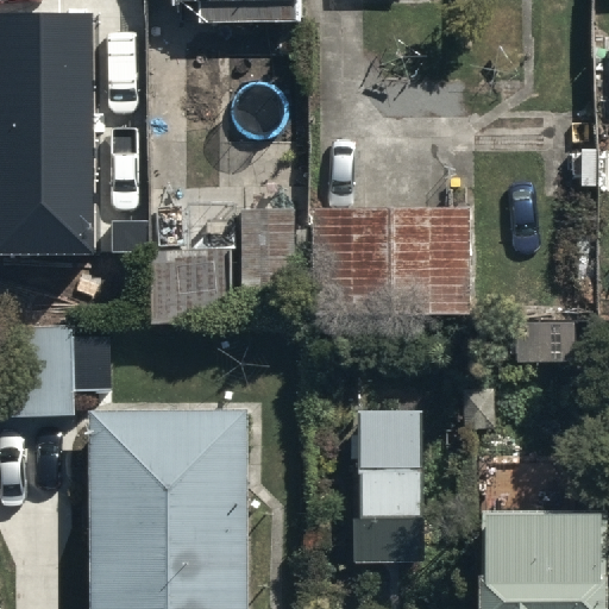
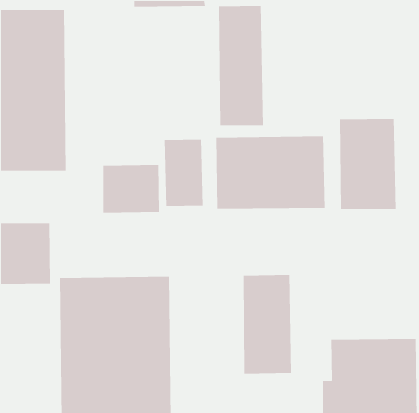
building: none -> [218,5,264,126]
building: none -> [339,118,397,210]

